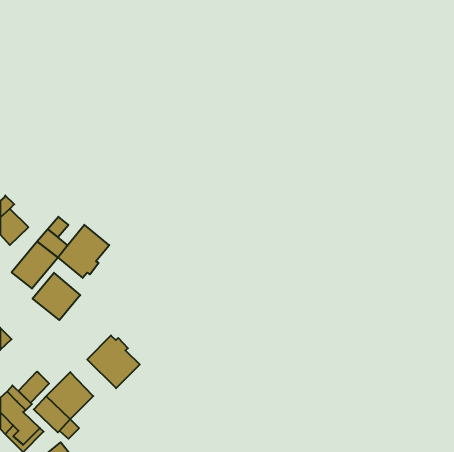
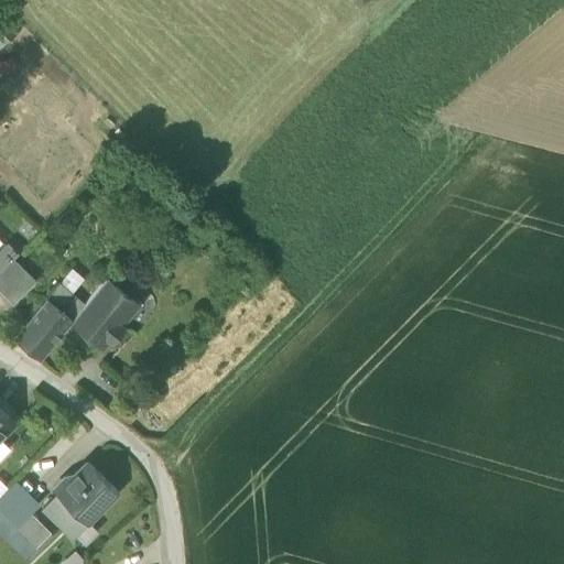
building: [33,273,80,320] -> none
building: [87,335,140,388] -> none
building: [18,372,49,403] -> none

